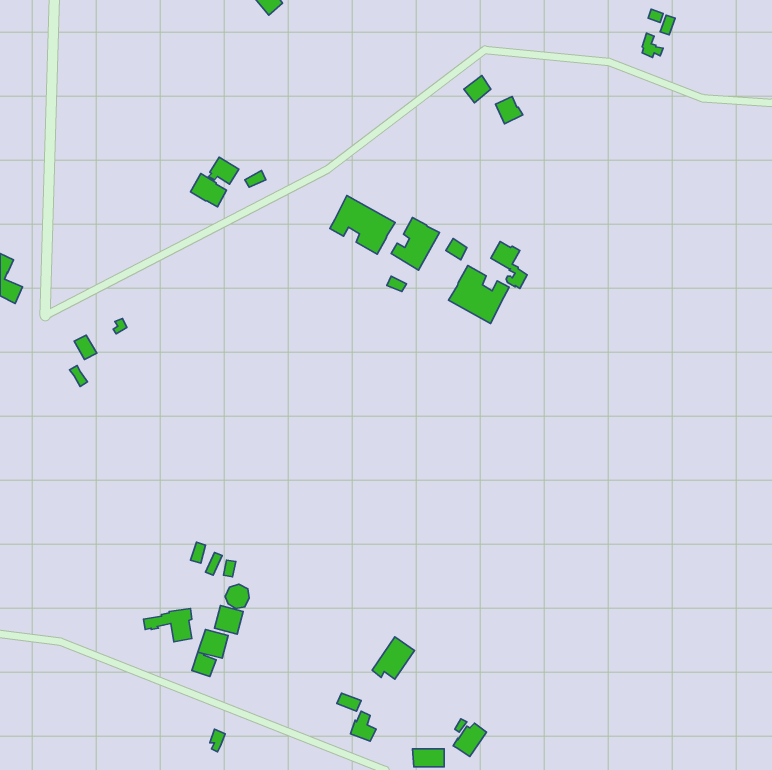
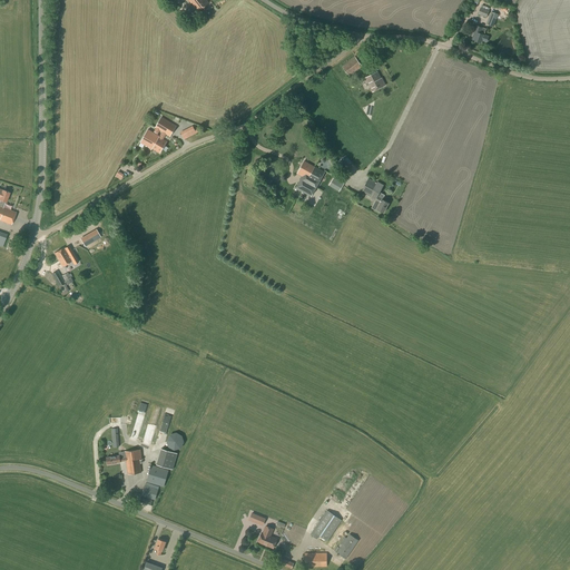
building: [330,195,395,254] -> none
building: [449,266,509,323] -> none
building: [372,637,414,679] -> [311,509,342,540]

